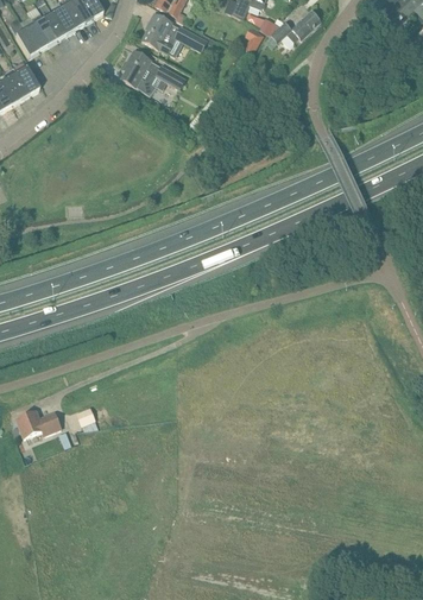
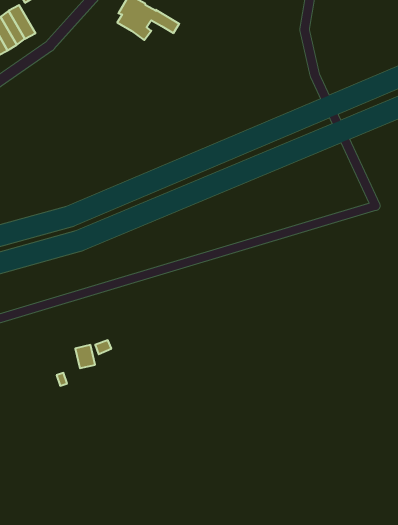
building: [17,410,62,436] -> none

